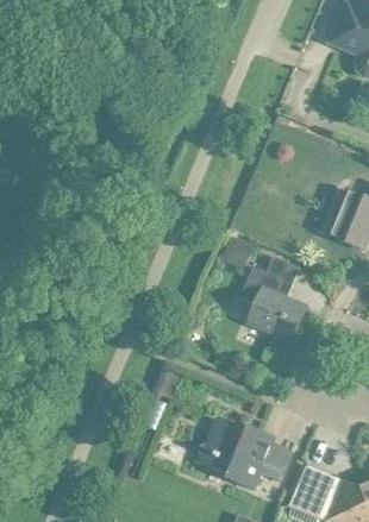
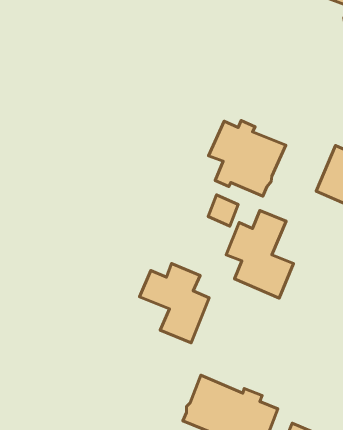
building: none -> [208,121,286,196]
building: none -> [140,264,209,343]

